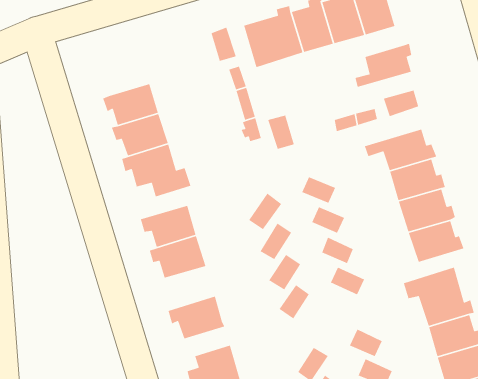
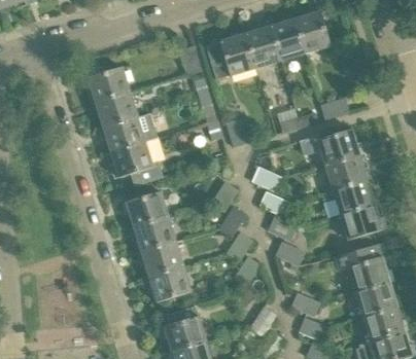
building: [354,43,412,88] -> none
building: none -> [83,67,130,102]
building: none -> [136,242,183,278]

